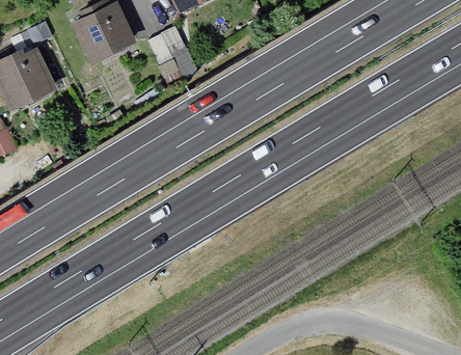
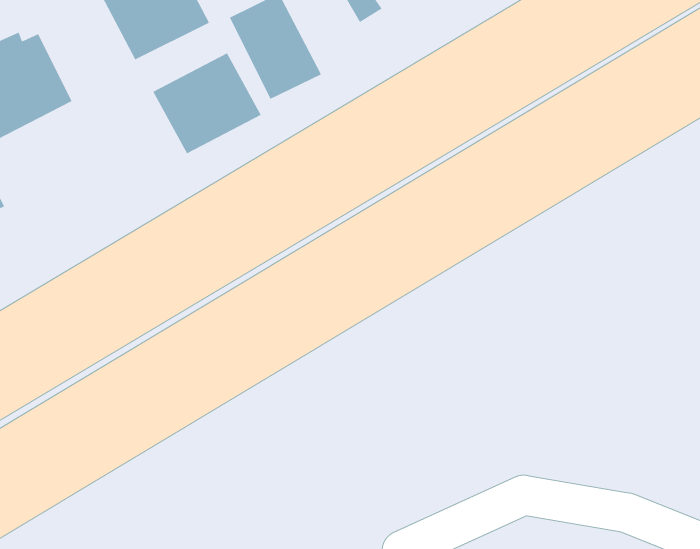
building: none -> [152,52,262,154]

